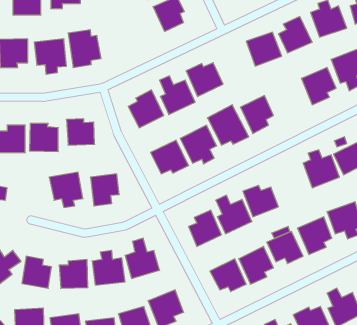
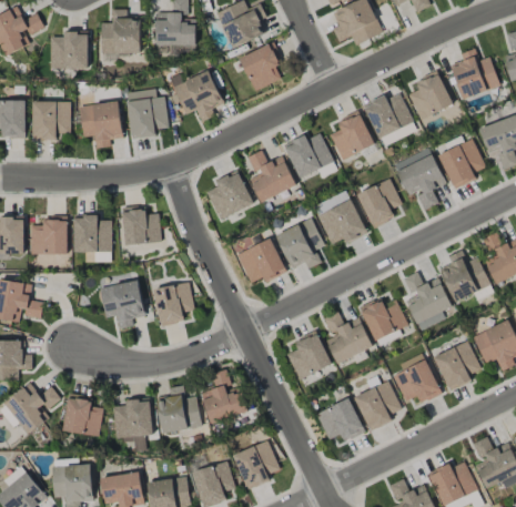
building: none -> [172,71,223,122]
building: none -> [330,111,374,160]
building: none -> [393,149,445,210]
building: none -> [402,272,451,331]

